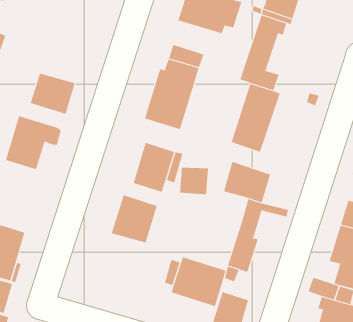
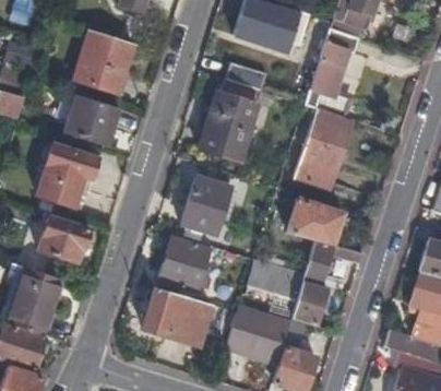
building: none -> [74,31,133,94]
building: [179,167,209,195] -> [249,263,283,295]
building: none -> [40,217,90,263]
building: none -> [143,287,211,346]

